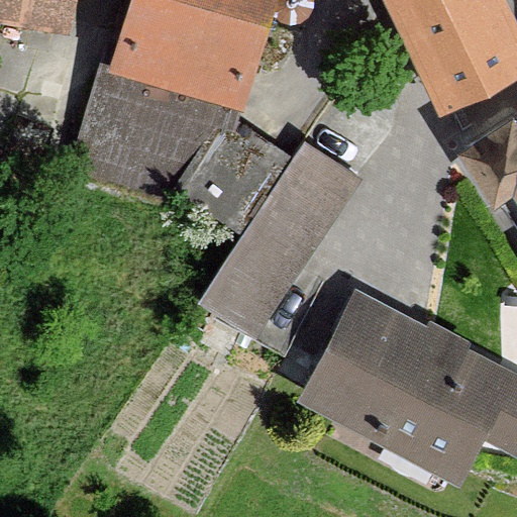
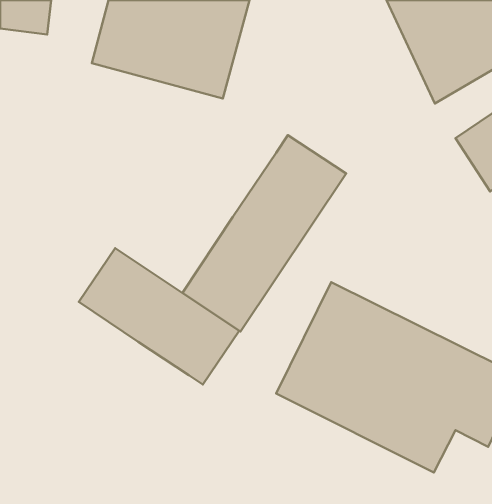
building: [76,65,295,222] -> none
building: none -> [79,248,239,385]

